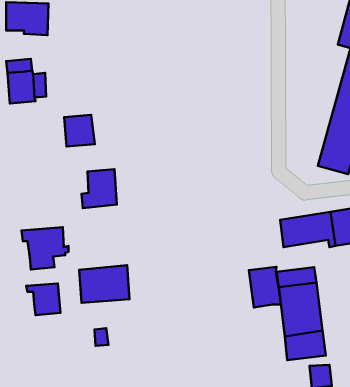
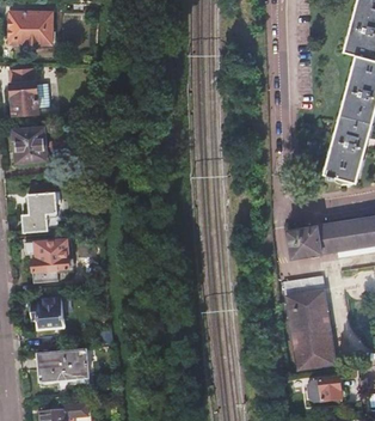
building: [64,115,95,147] -> [13,127,44,159]
building: [82,169,117,208] -> [20,191,56,231]
building: [79,265,130,303] -> [36,347,87,385]
building: [249,267,280,307] -> none

